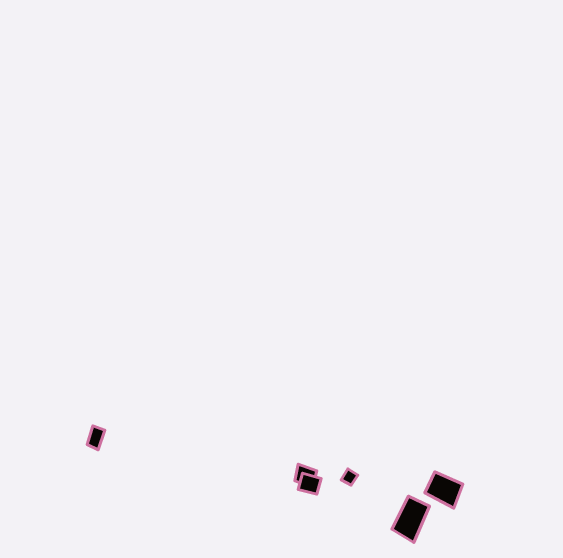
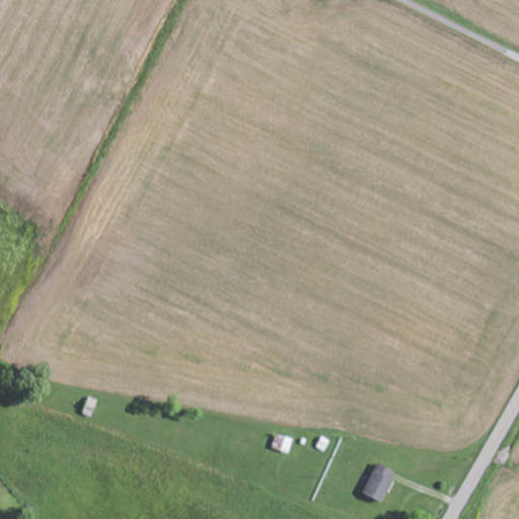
building: [425,472,463,508] -> none

